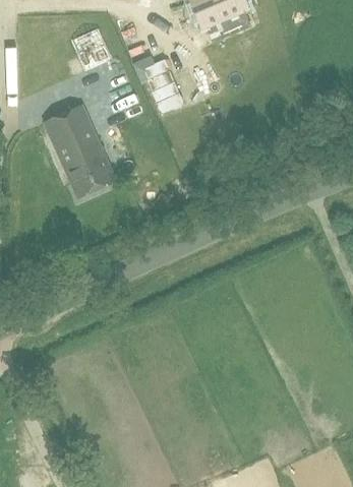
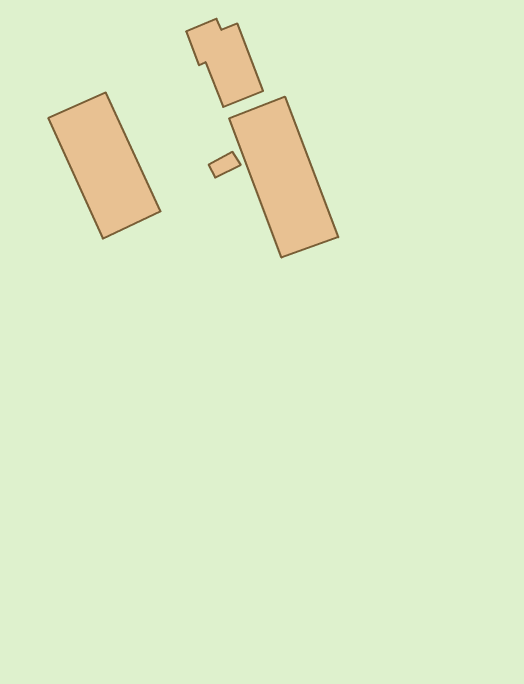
building: none -> [229,97,338,258]

